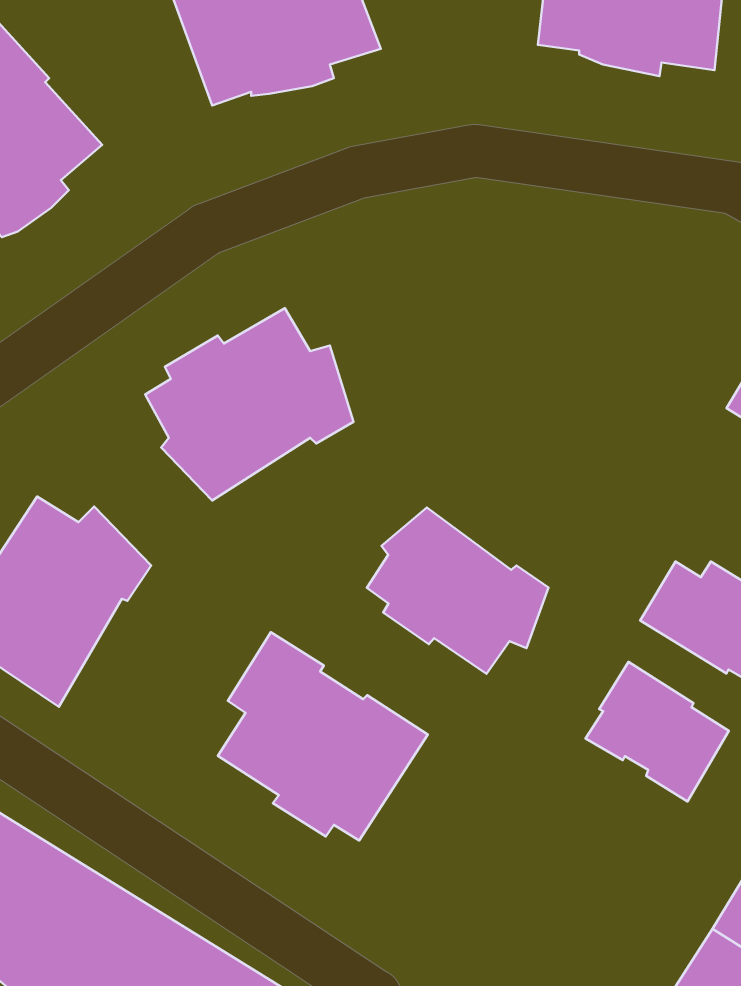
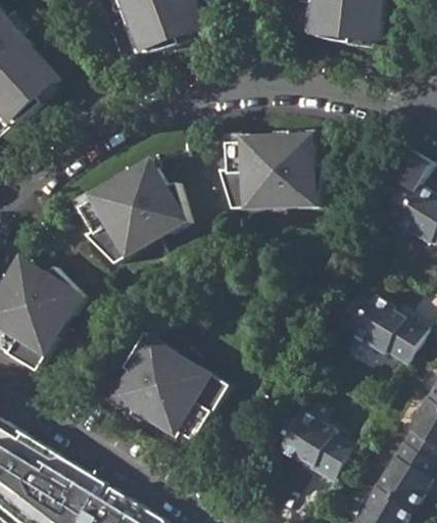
building: none -> [223,134,326,207]
building: [367,508,548,674] -> none
building: [585,662,729,801] -> [280,409,354,481]

